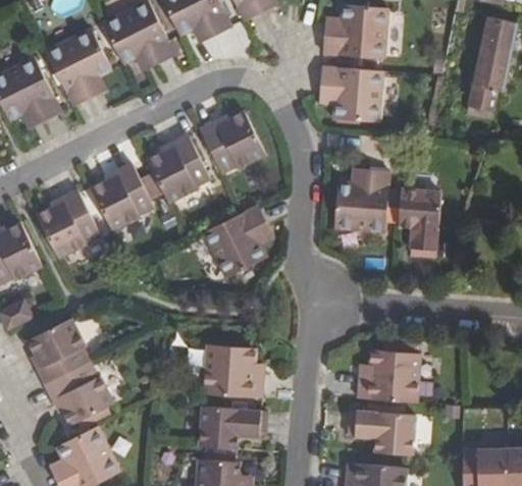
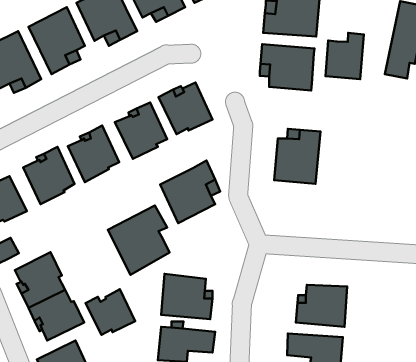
building: none -> [326,33,364,79]
building: [398,191,438,260] -> none
building: none -> [108,206,170,275]
building: none -> [86,289,135,335]

